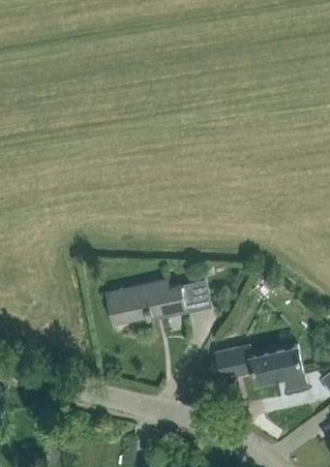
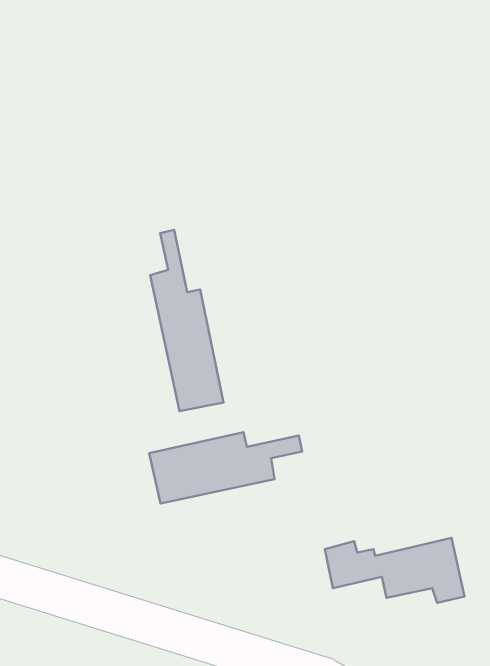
building: none -> [150,230,224,411]

